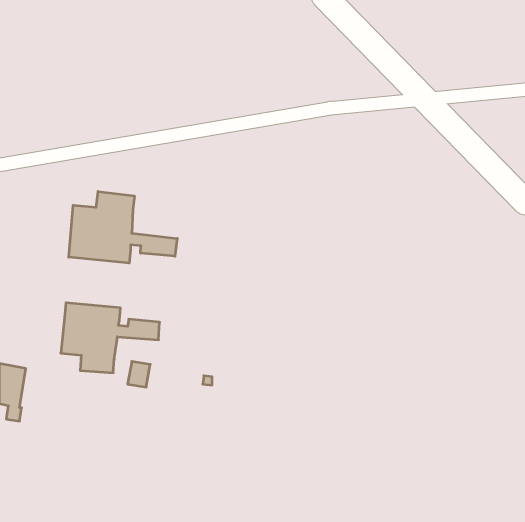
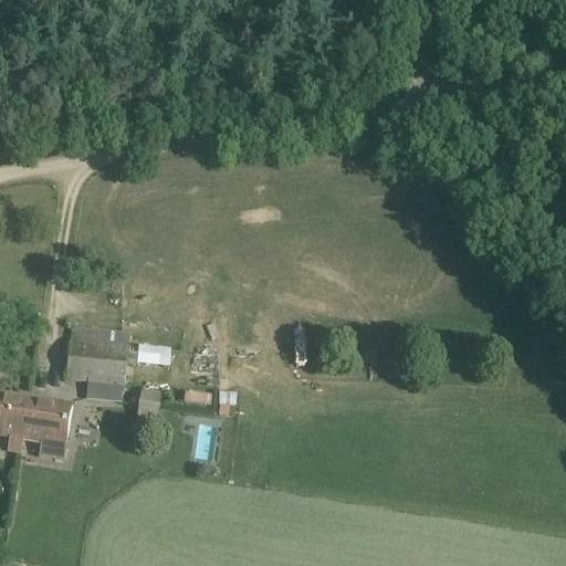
building: [69,191,177,263] -> none
building: none -> [21,396,72,458]

